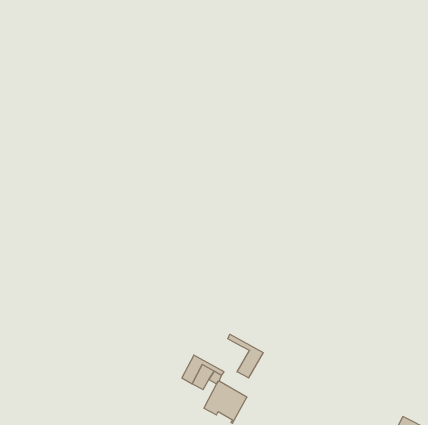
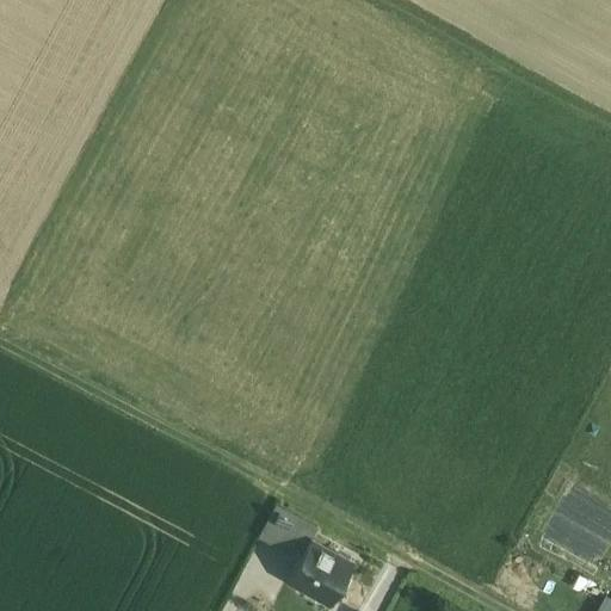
building: [228,334,263,378] -> none

